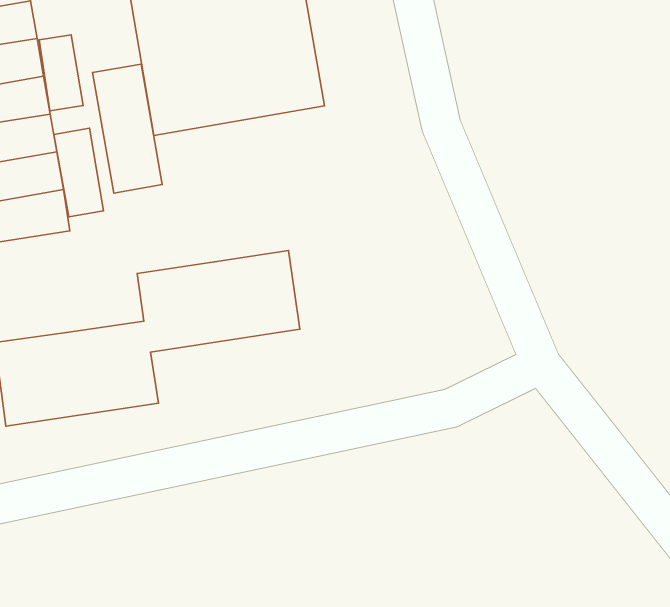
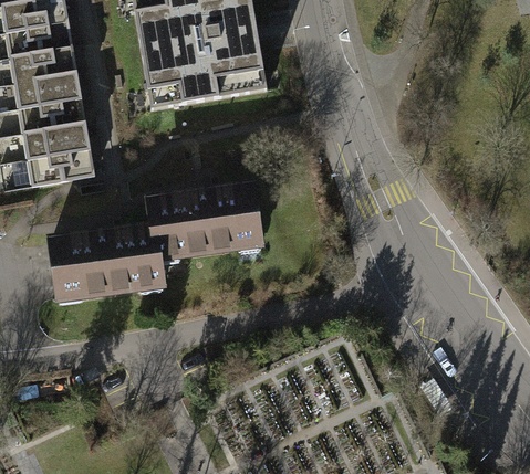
building: [39,35,83,111] -> none
building: [93,64,162,193] -> none
building: [54,128,103,217] -> none

